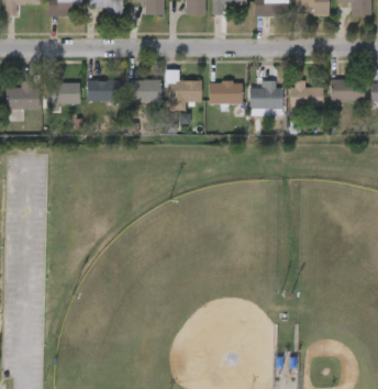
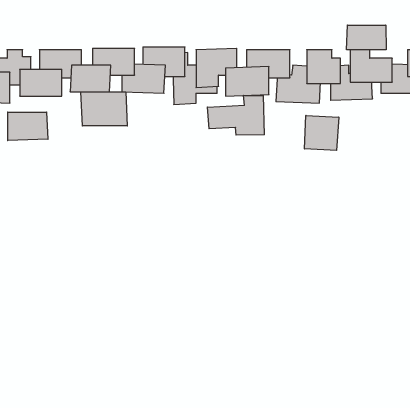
building: none -> [347,25,386,50]
building: none -> [81,92,127,126]
building: none -> [207,95,264,135]
building: none -> [8,112,48,141]
building: none -> [305,115,339,150]

